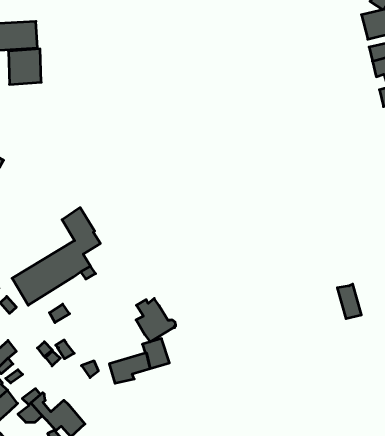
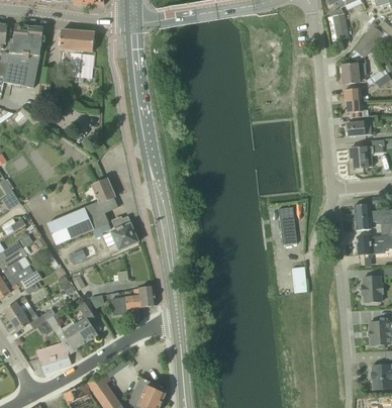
building: none -> [279,207,297,244]
building: [136,298,176,342] -> [111,217,140,249]
building: none -> [76,301,98,341]

